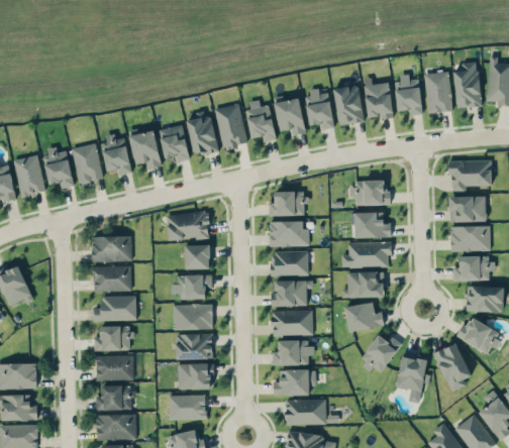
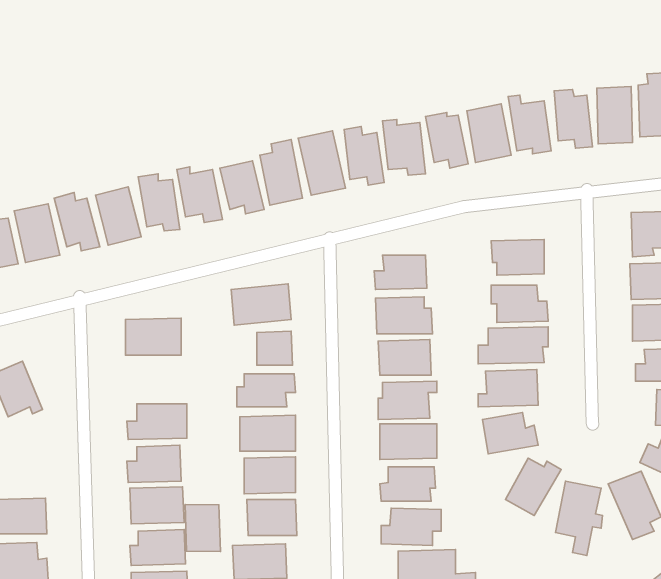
building: [93,265,130,292] -> none
building: none -> [185,504,220,552]

